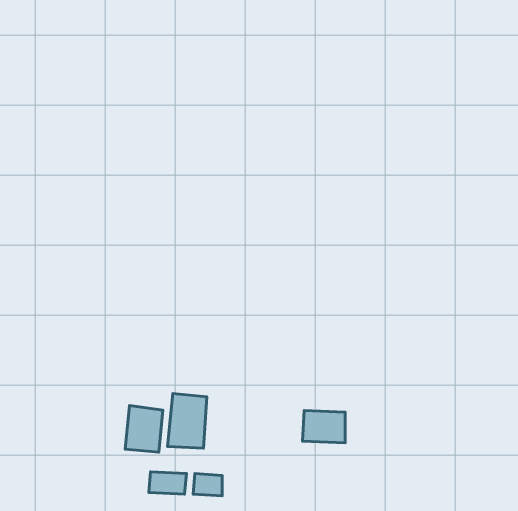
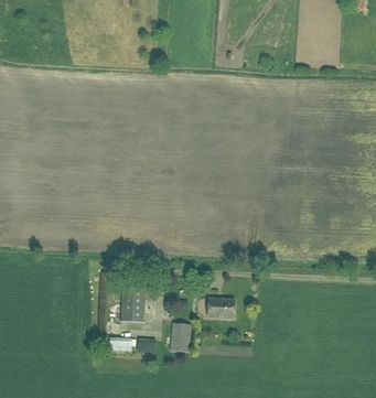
building: [125,406,163,452] -> none
building: none -> [171,322,191,351]

